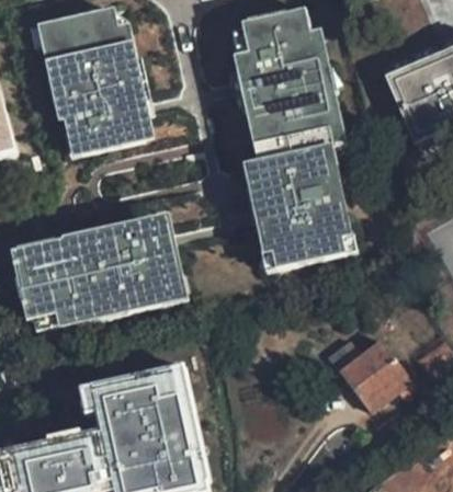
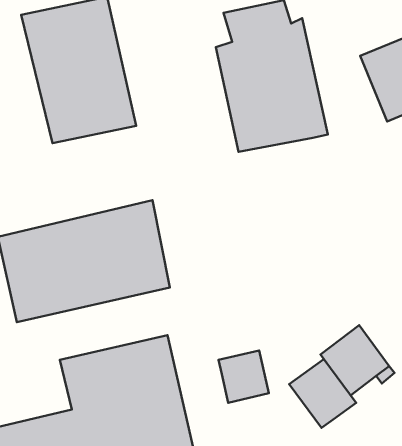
building: [244,149,356,272] -> none
building: none -> [219,350,269,403]
building: none -> [289,359,356,428]

